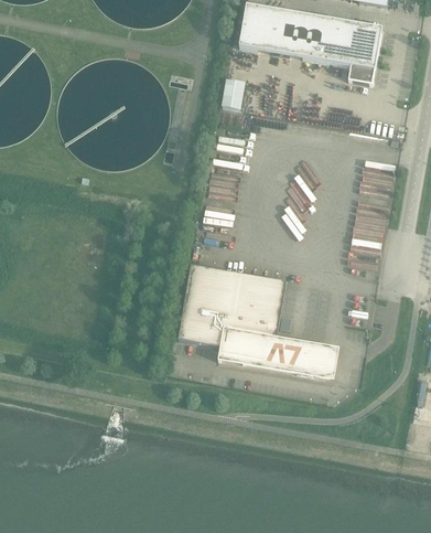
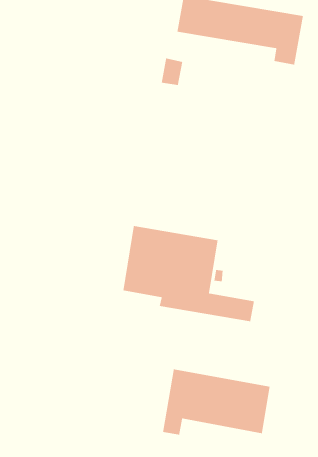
building: none -> [162,369,271,435]

